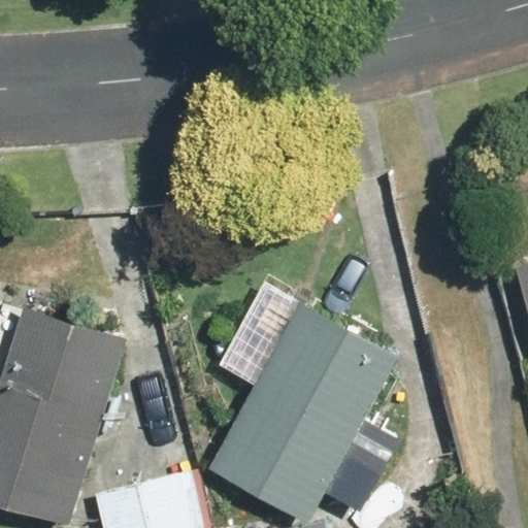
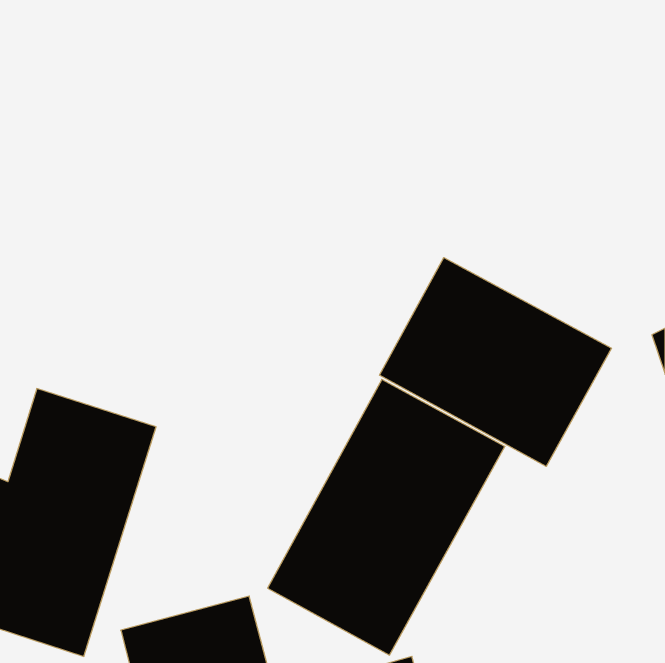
building: none -> [380,258,611,466]

